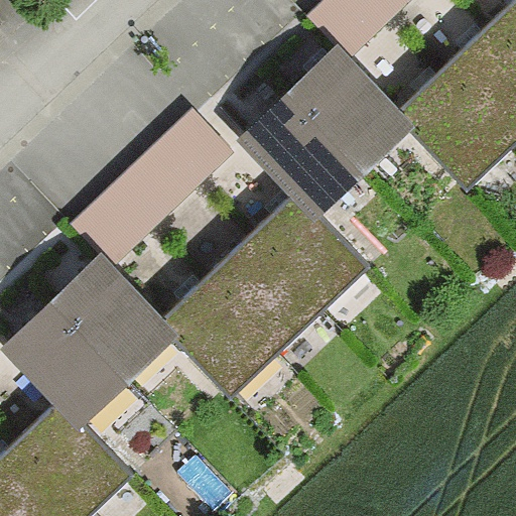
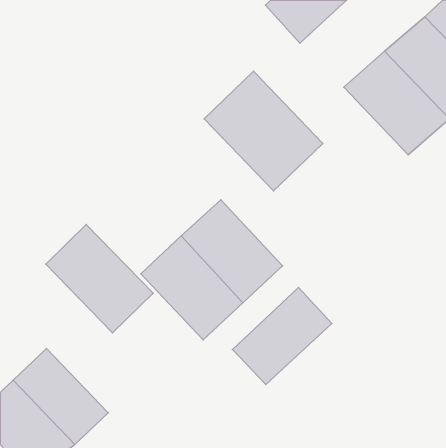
building: [294,45,414,166] -> none
building: [74,105,237,265] -> none
building: [257,197,364,306] -> none
building: [9,304,133,429] -> none
building: none -> [233,288,332,384]

